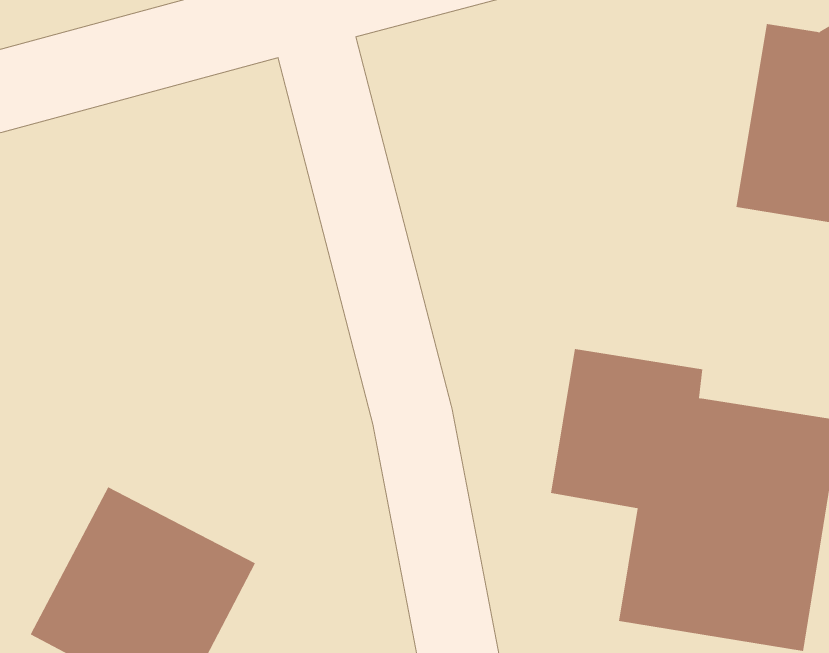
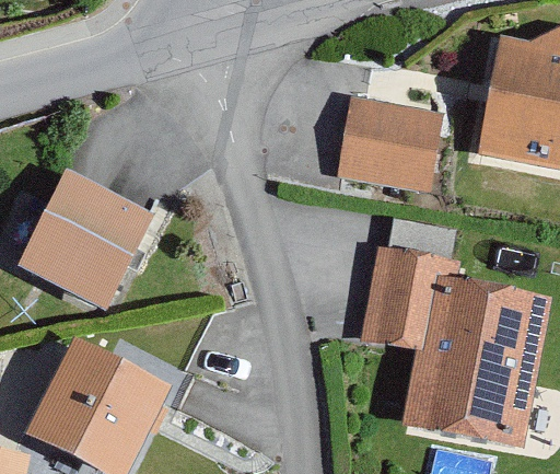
building: none -> [336,96,443,192]
building: none -> [19,167,155,305]

